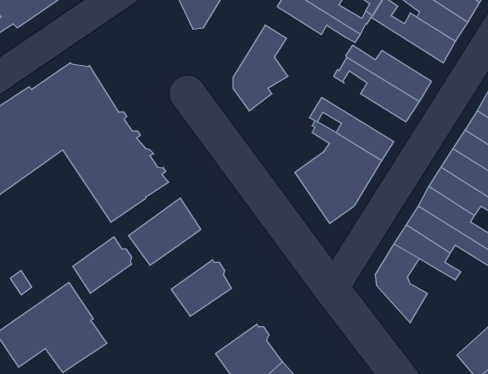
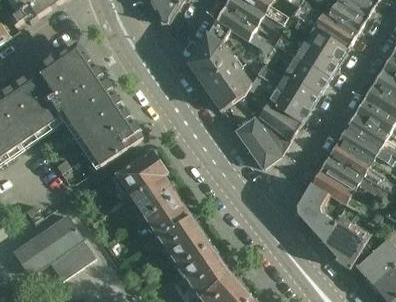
building: none -> [214,6,275,54]
building: none -> [290,14,347,62]
building: none -> [202,58,250,110]
building: none -> [256,58,319,107]
building: [73,237,132,293] -> [131,175,175,217]
building: none -> [158,216,208,265]
building: none -> [322,216,369,267]

